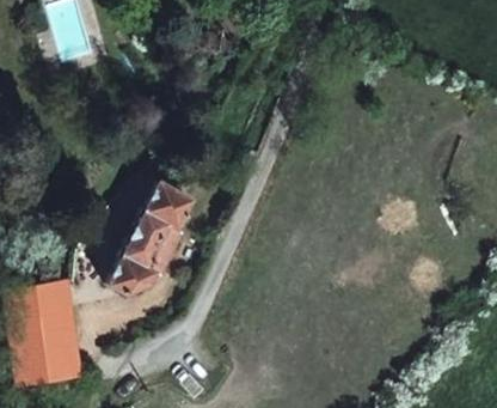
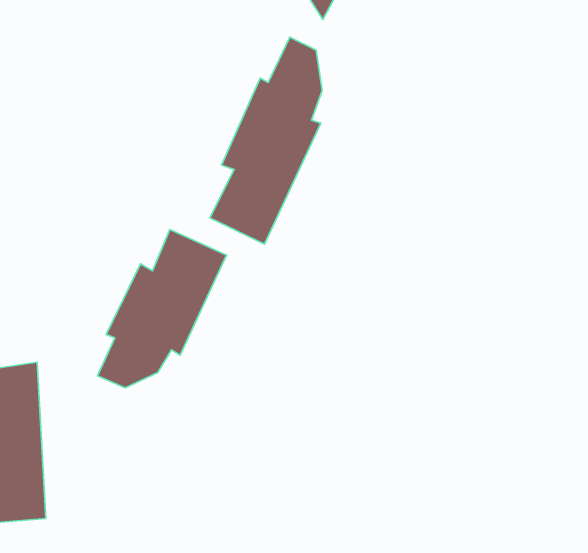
building: none -> [210,37,322,244]

